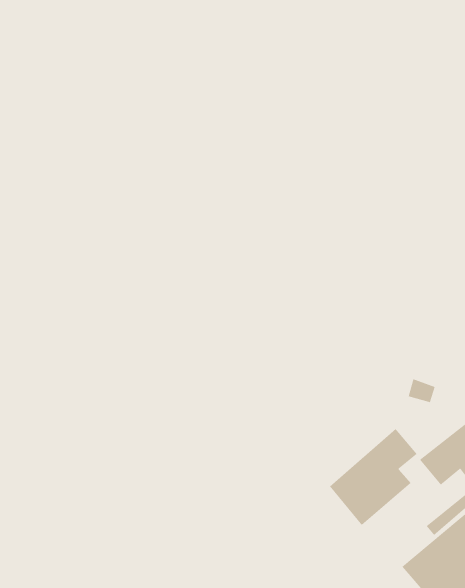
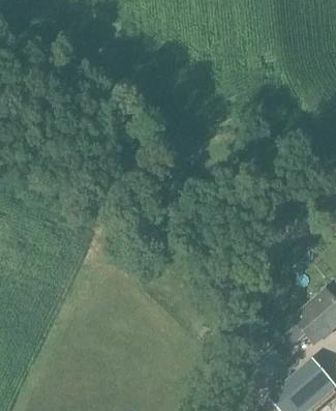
building: [329,428,418,526] -> none

